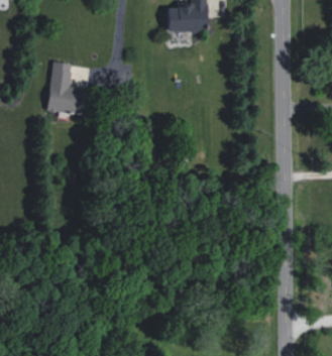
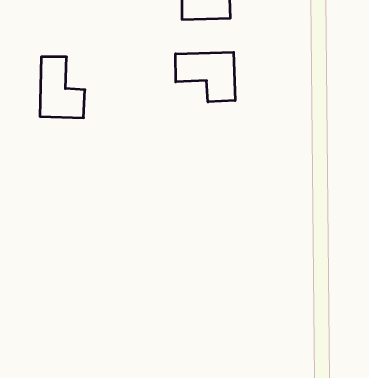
building: none -> [176,52,235,102]

